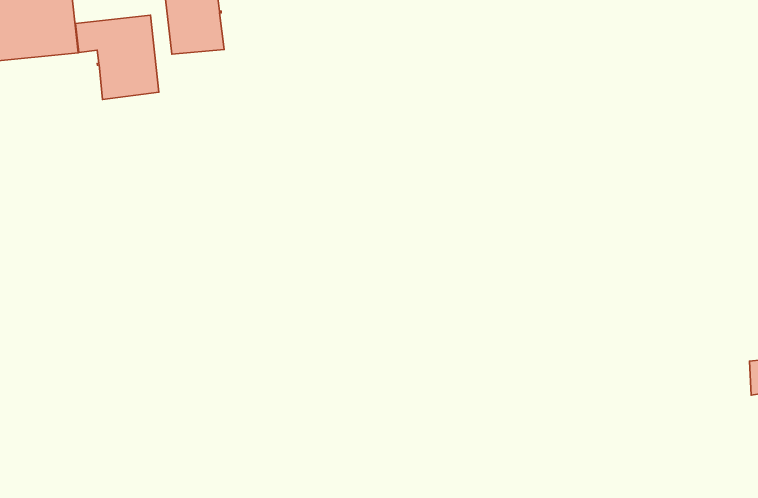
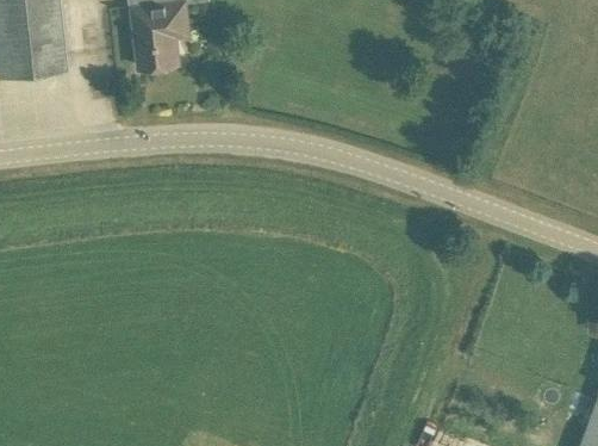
building: [75,15,159,100] -> none

